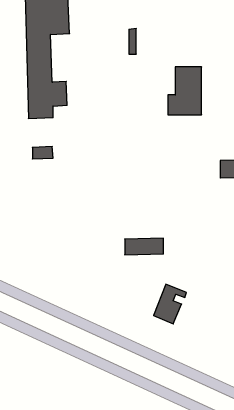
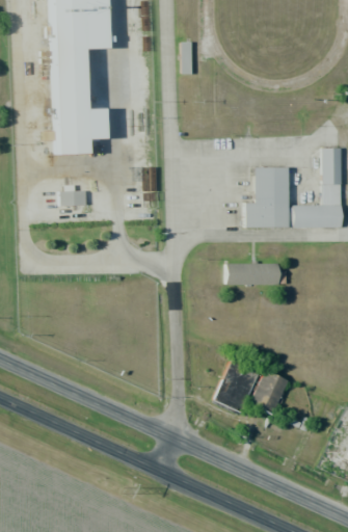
building: [168,67,202,115] -> [249,168,292,229]
building: [125,238,163,255] -> [232,263,280,284]
building: none -> [251,370,287,413]

